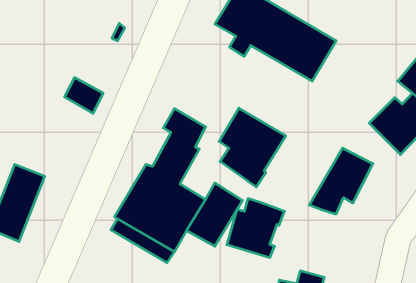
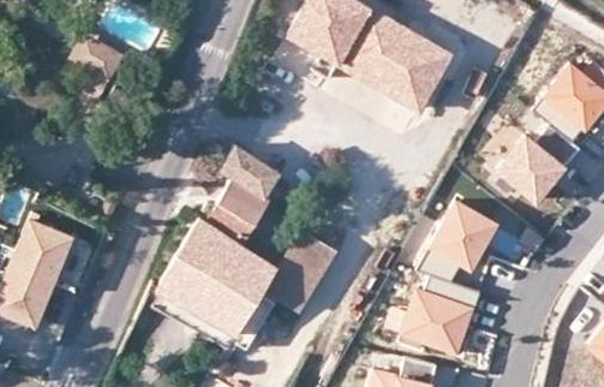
building: [65,78,103,113] -> [72,36,122,83]
building: [219,108,286,187] -> none
building: [227,199,285,257] -> [403,279,479,356]

